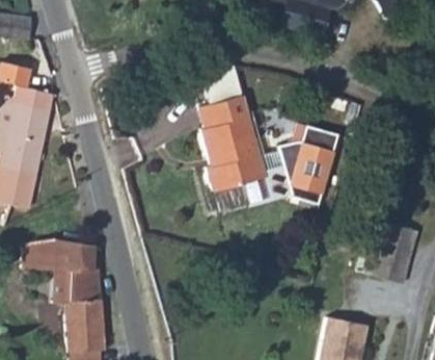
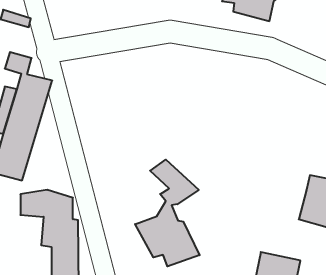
building: [198,97,329,204] -> none
building: none -> [135,160,200,266]

